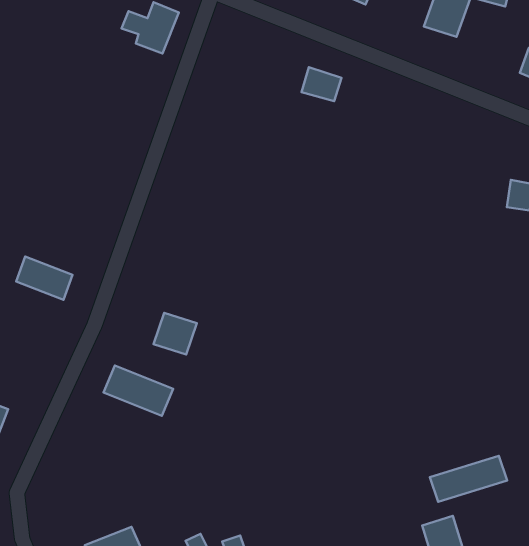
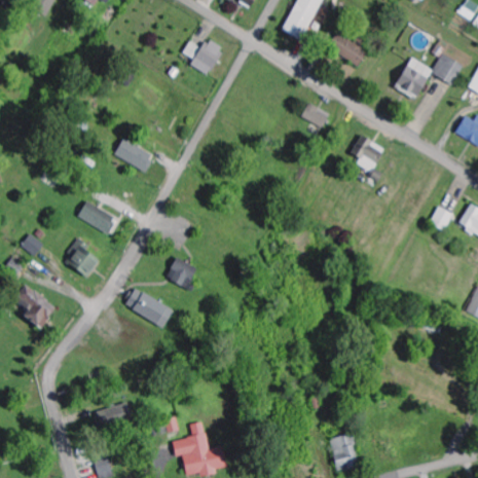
building: none -> [351,135,385,172]
building: none -> [114,139,153,171]
building: none -> [67,246,99,278]
building: [430,456,507,502] -> none

